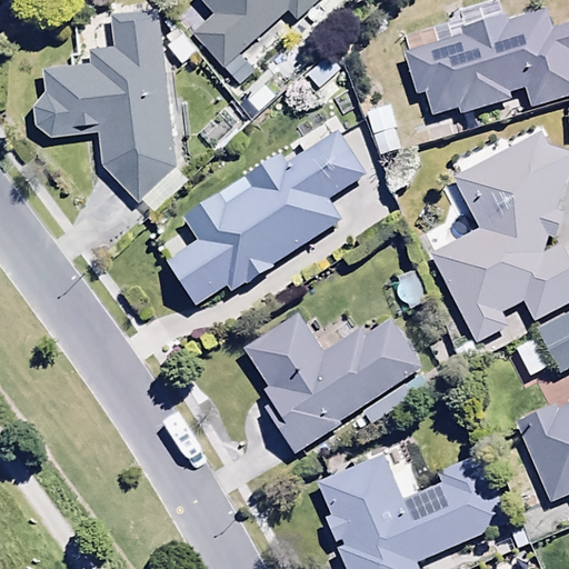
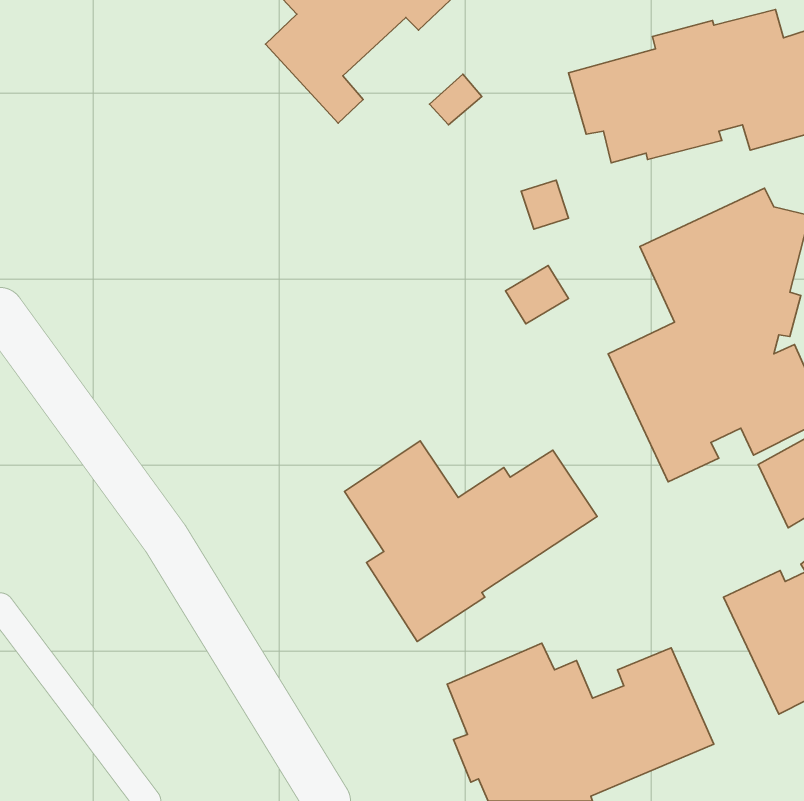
building: [33,8,190,214] -> none
building: [169,131,366,302] -> none

